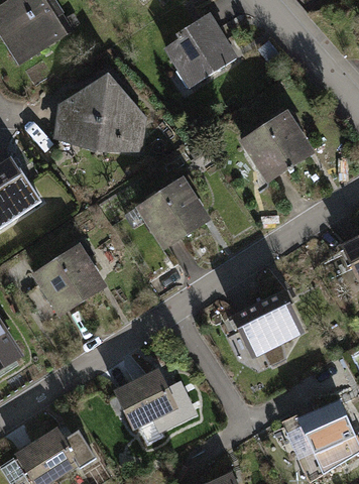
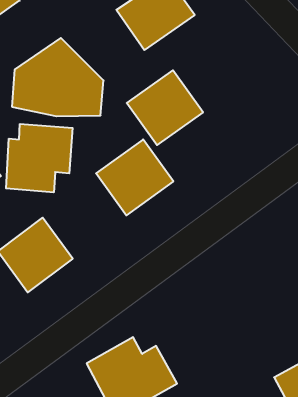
building: [243,107,318,179] -> [127,70,203,145]
building: none -> [6,124,73,192]
building: [236,286,305,369] -> none

